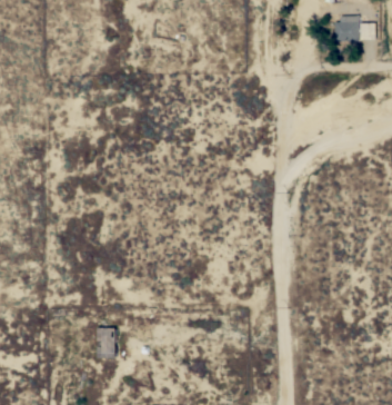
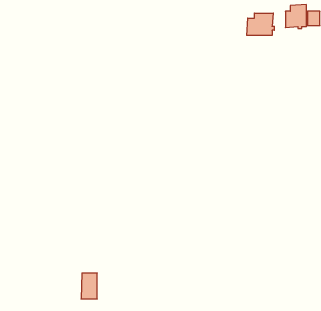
building: none -> [247,13,274,35]

